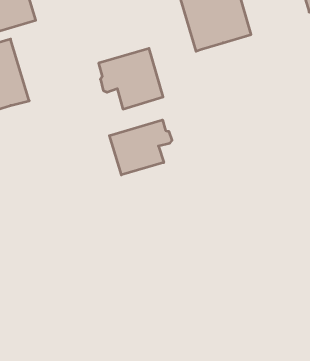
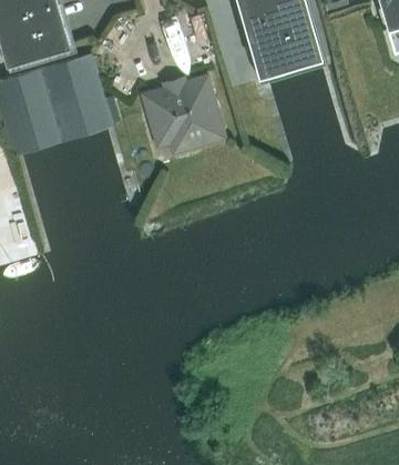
building: none -> [41,54,112,142]
building: [109,120,172,175] -> none

